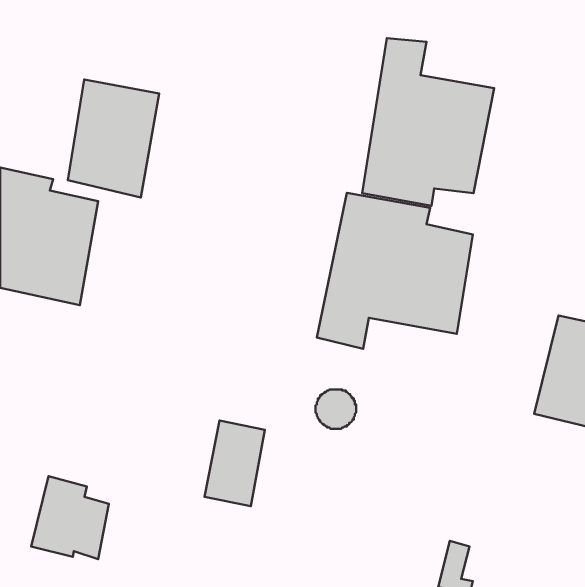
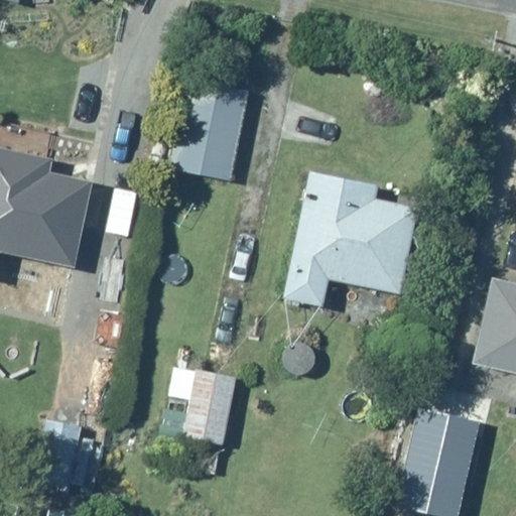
building: [362,38,494,206] -> none
building: [68,80,159,197] -> [170,80,250,182]
building: none -> [404,408,495,494]

